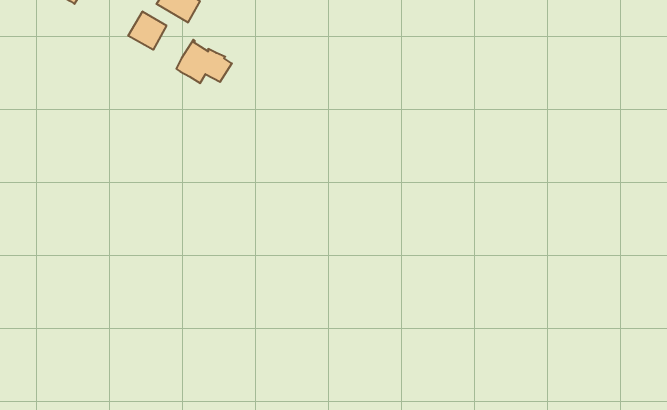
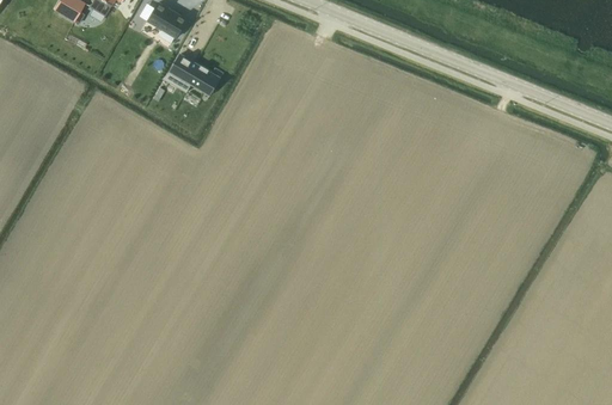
building: [128,11,166,50] -> none

